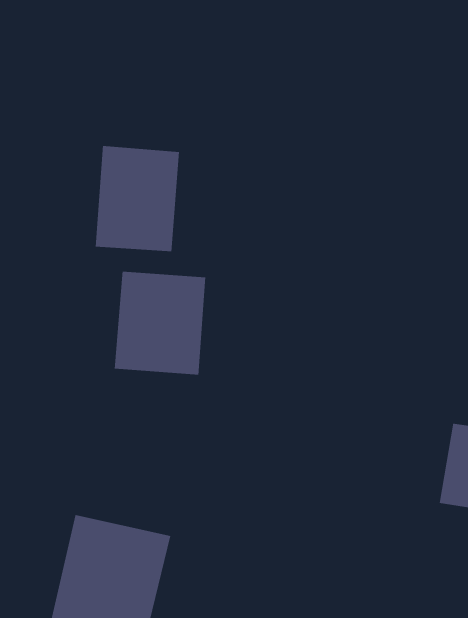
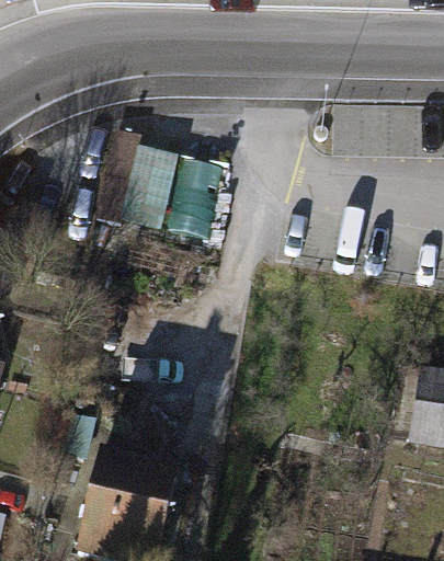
building: [114,271,206,375] -> none

